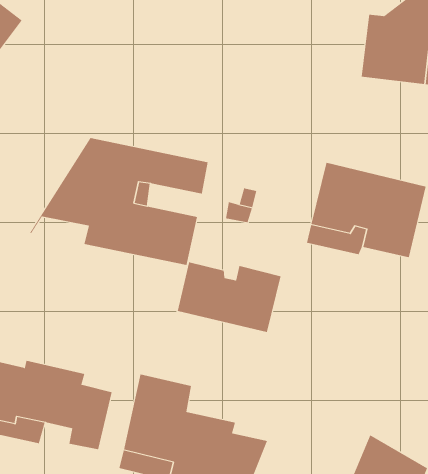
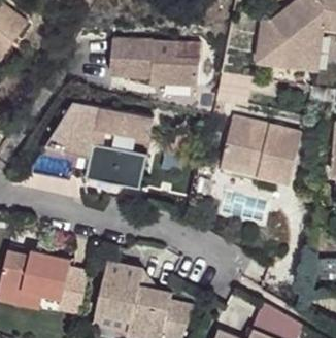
building: none -> [108,38,199,86]
building: [177,262,281,333] -> none

